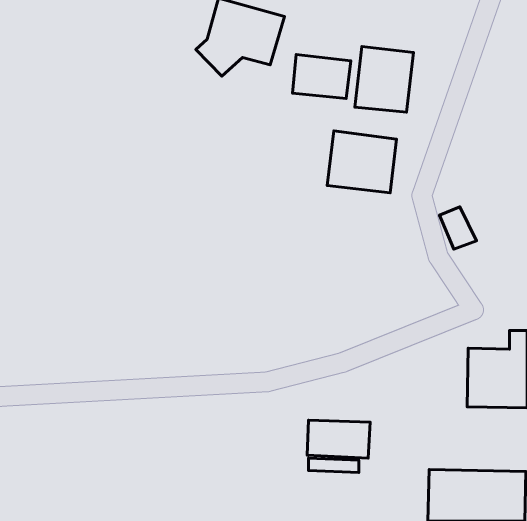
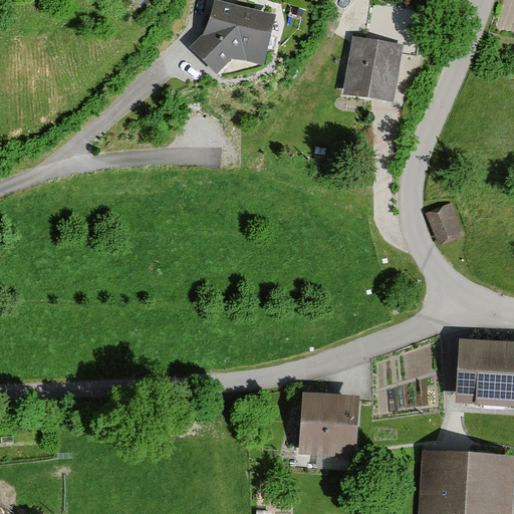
building: [292,54,351,98] -> none
building: [327,131,397,193] -> none
building: none -> [306,387,360,410]

